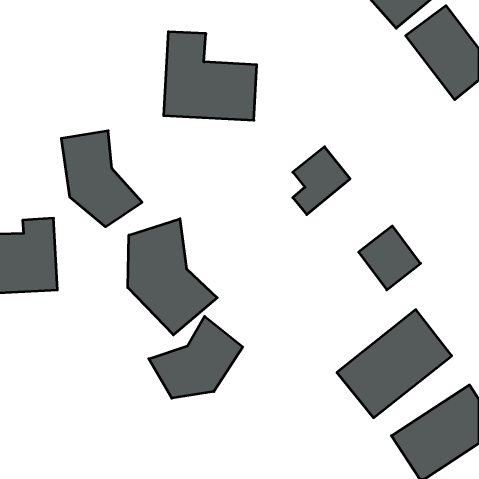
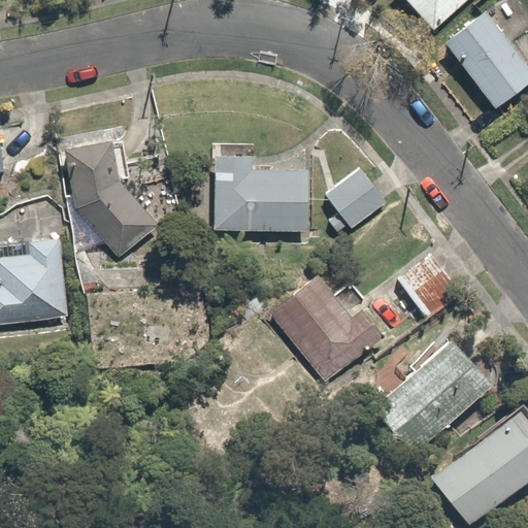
building: [164,32,257,120] -> [210,136,312,233]
building: [128,219,217,335] -> none
building: none -> [265,270,390,383]
building: [149,316,243,398] -> none

